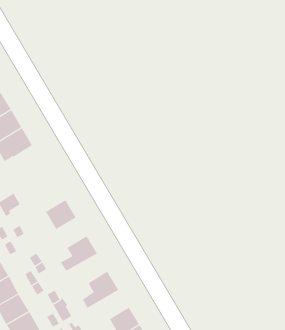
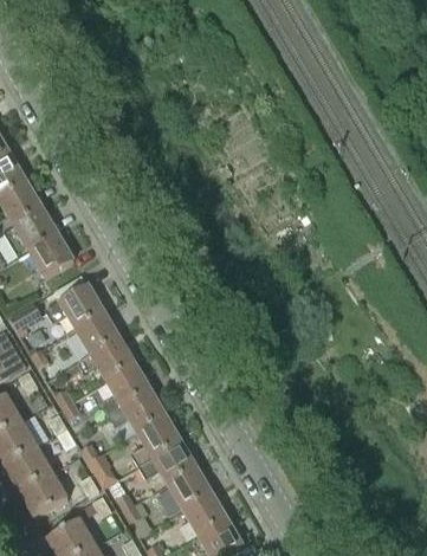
building: none -> [31,234,76,278]
building: none -> [45,277,106,330]
building: none -> [77,338,137,382]
building: none -> [106,390,167,433]
building: none -> [137,442,198,485]

